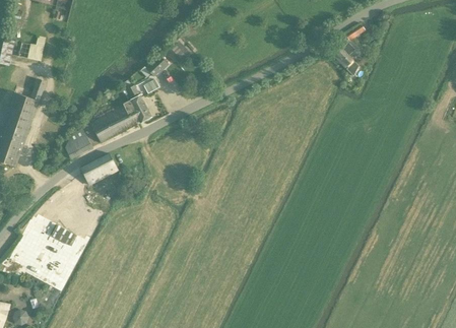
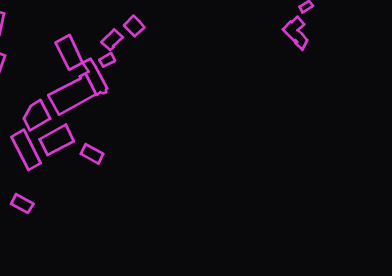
building: none -> [56,35,83,70]
building: none -> [11,130,41,170]

